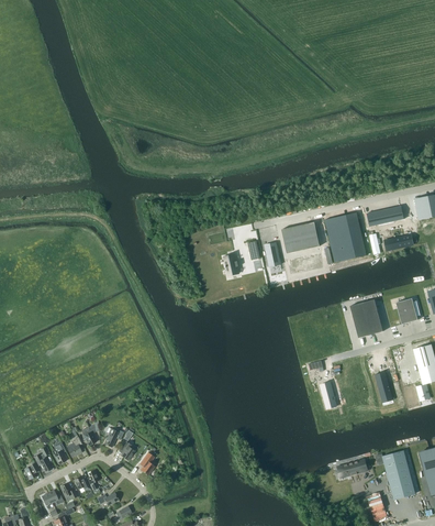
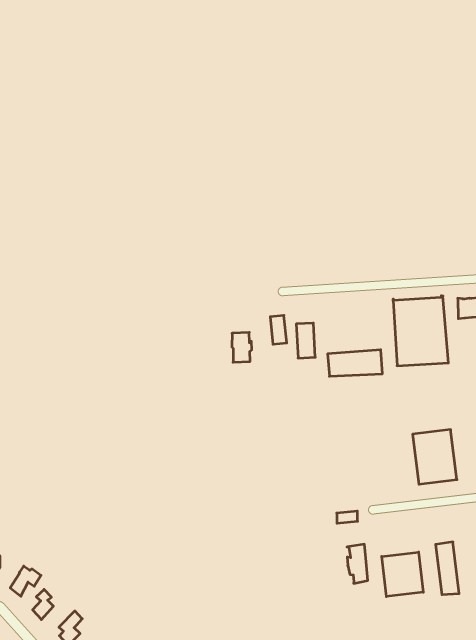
building: [280,221,317,253] -> none
building: none -> [382,552,423,597]

